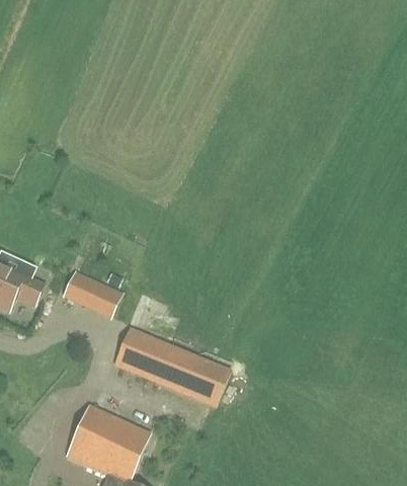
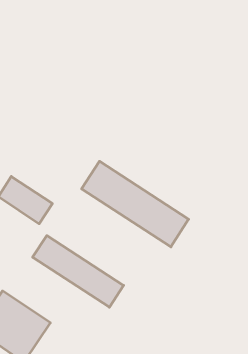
building: none -> [82,161,189,247]

